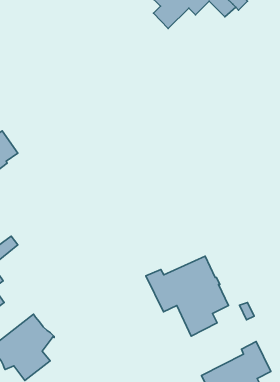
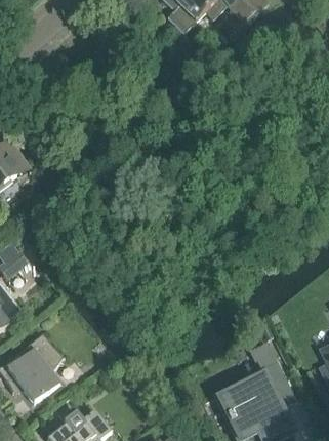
building: [146,256,228,336] -> none

